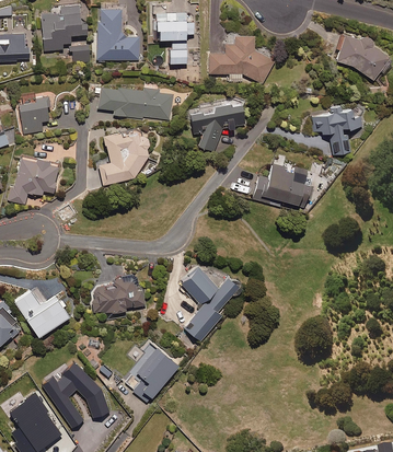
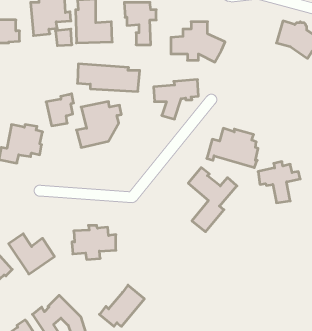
building: [16,95,49,134] -> [46,94,74,126]
building: [311,105,361,154] -> [258,162,300,203]
building: [178,265,236,341] -> [188,168,237,232]

